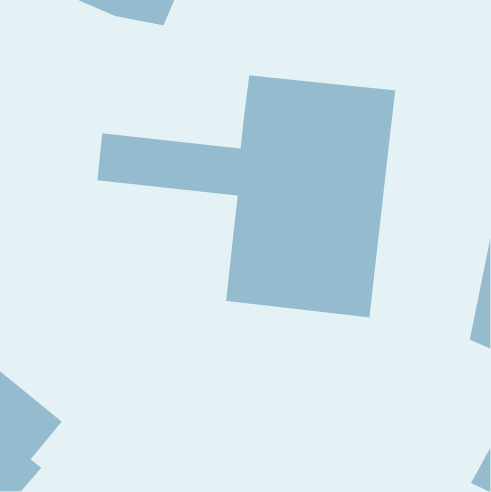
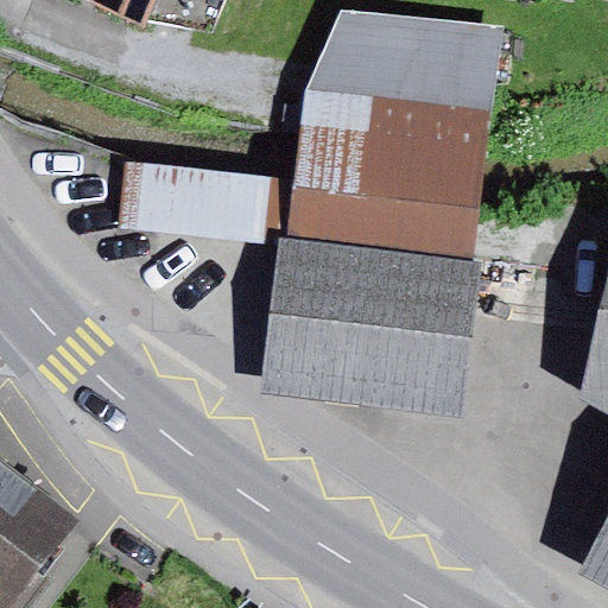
building: none -> [328,10,496,110]

